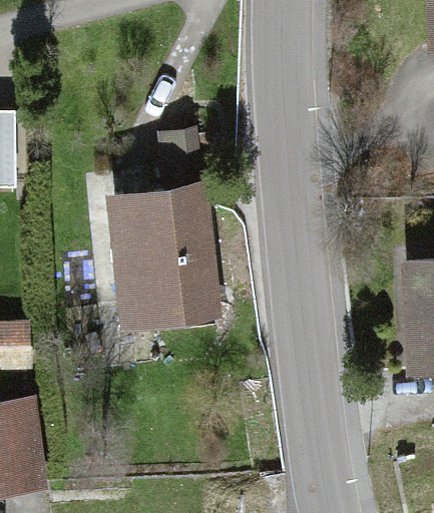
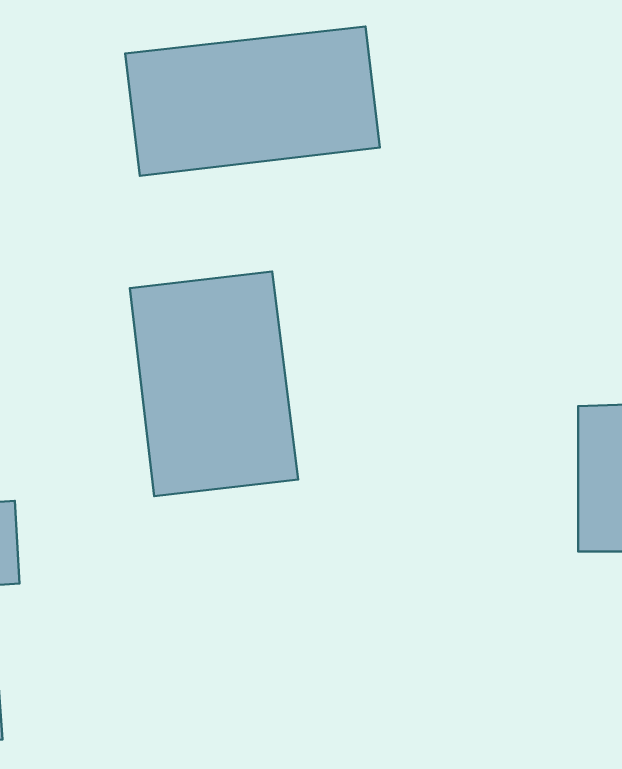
building: none -> [125,26,380,176]

